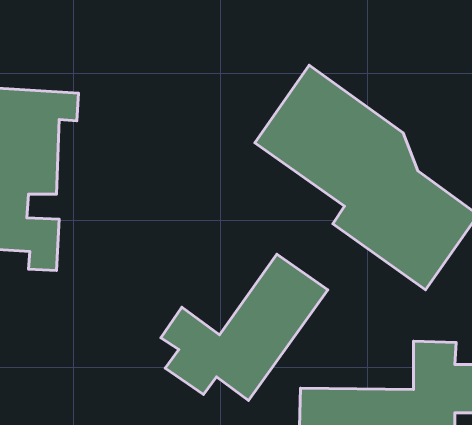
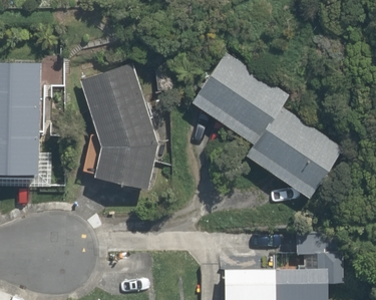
building: none -> [78,64,153,187]
building: [161,254,328,400] -> none

